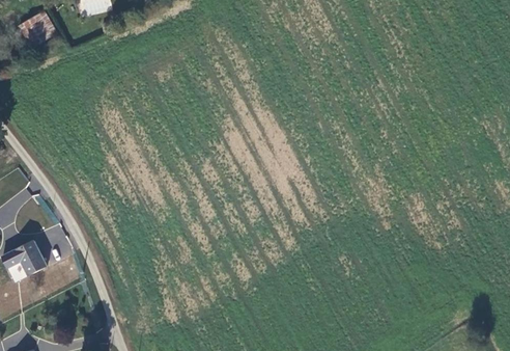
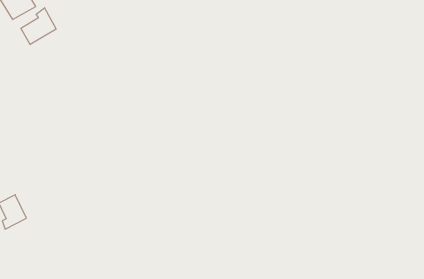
building: none -> [21,8,56,45]

